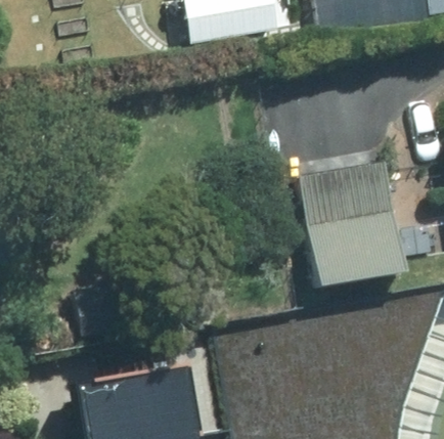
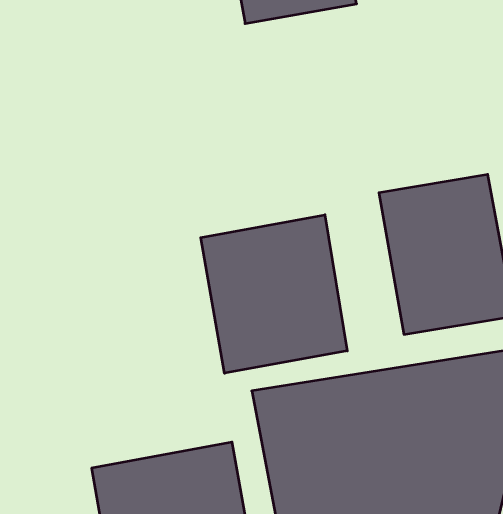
building: none -> [201,215,347,373]

